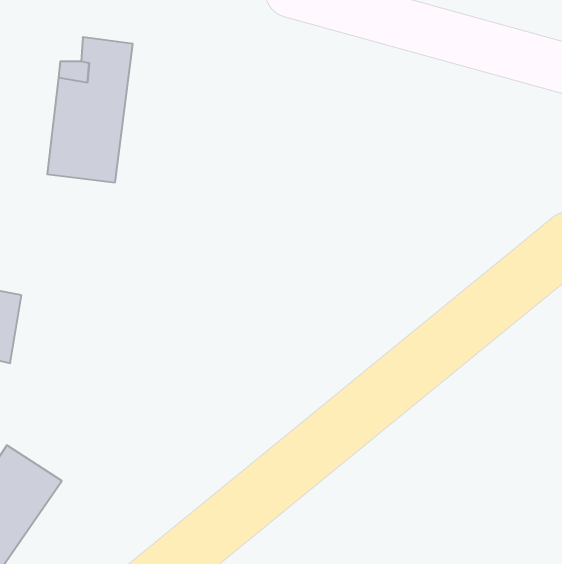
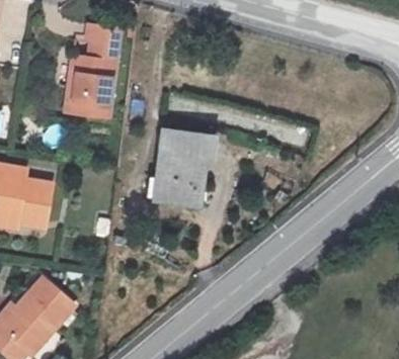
building: none -> [156,128,209,201]

